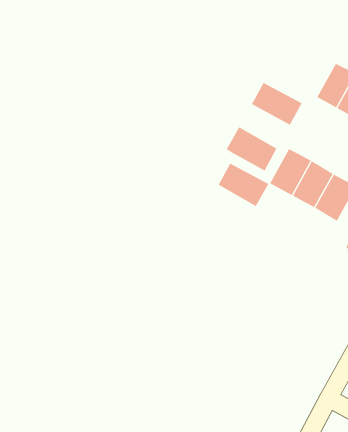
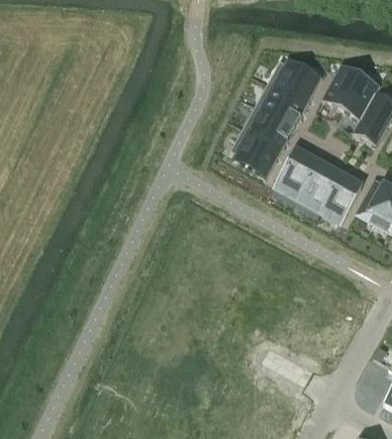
building: none -> [268,57,322,104]
building: [218,163,269,207] -> [243,105,295,149]

